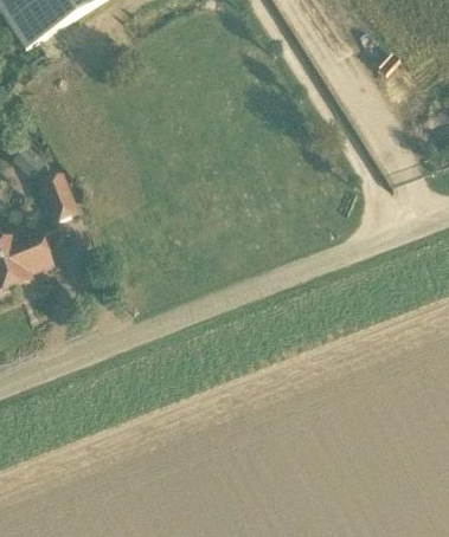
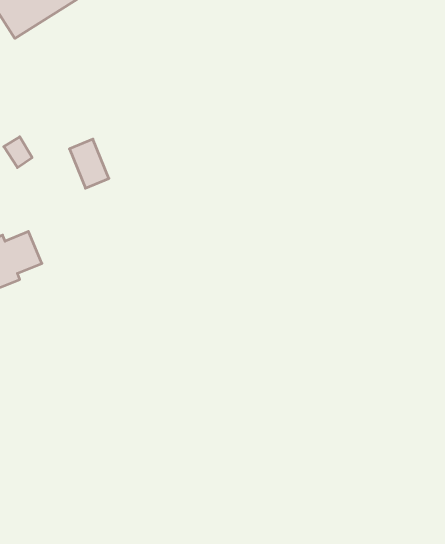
building: [38,170,76,218] -> [69,139,109,188]

